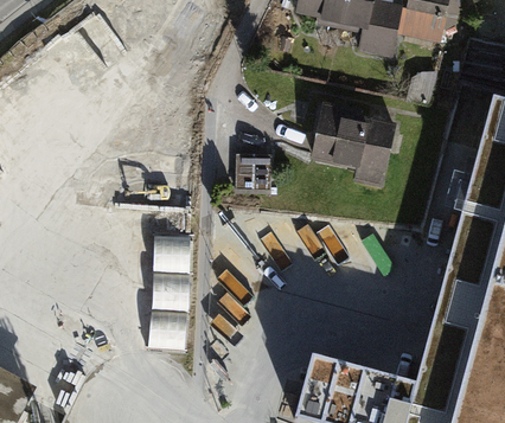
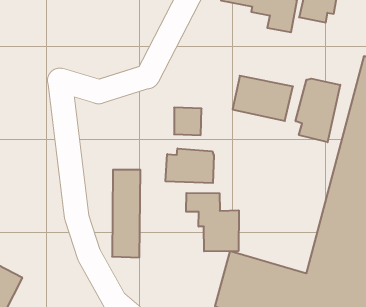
building: none -> [296,79,340,142]
building: none -> [166,148,214,183]
building: none -> [186,193,239,251]

